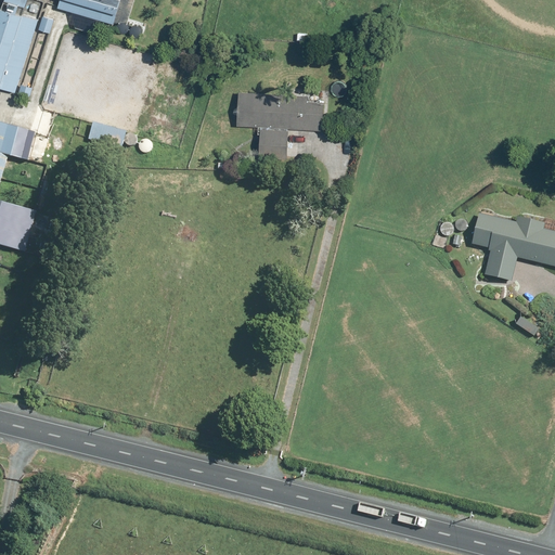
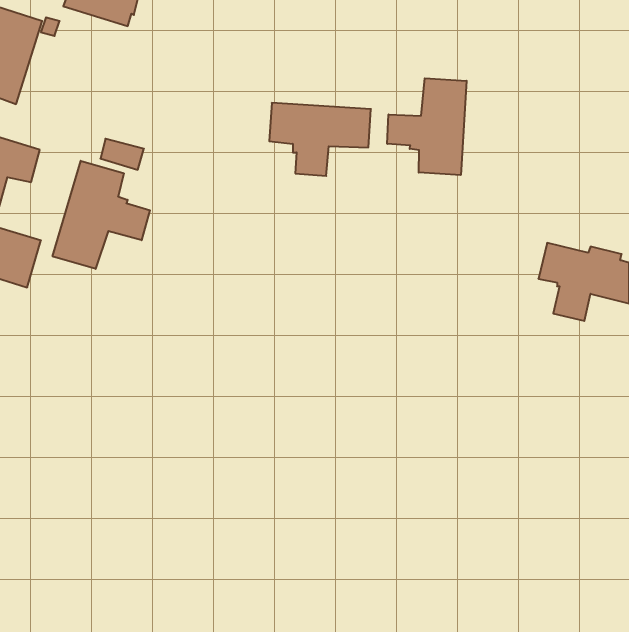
building: none -> [387,78,467,175]
building: none -> [53,161,150,269]

